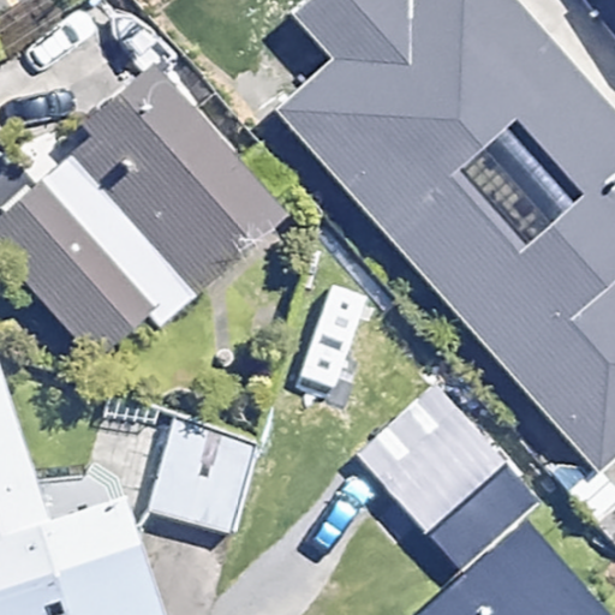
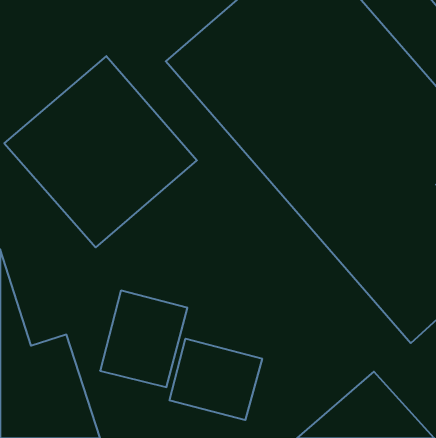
building: [352,375,530,556] -> none
building: none -> [170,339,262,420]

